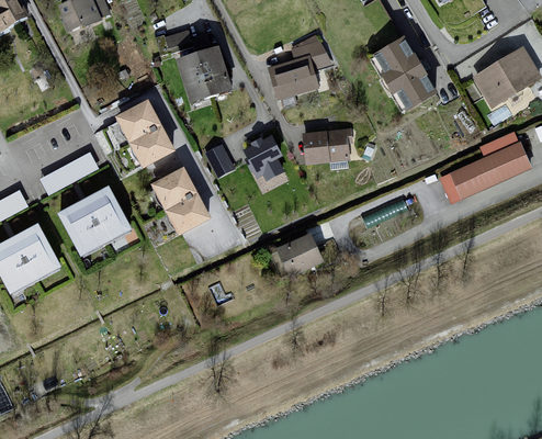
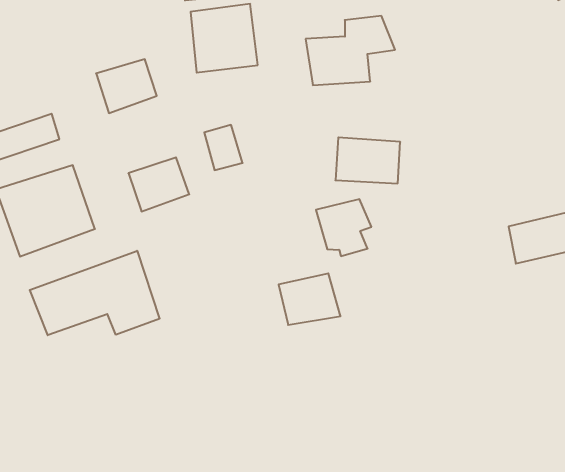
building: [375,36,437,109] -> none
building: [129,125,177,170] -> none
building: [240,135,283,179] -> [316,199,371,256]
building: [166,193,213,236] -> none
building: none -> [30,251,160,335]

